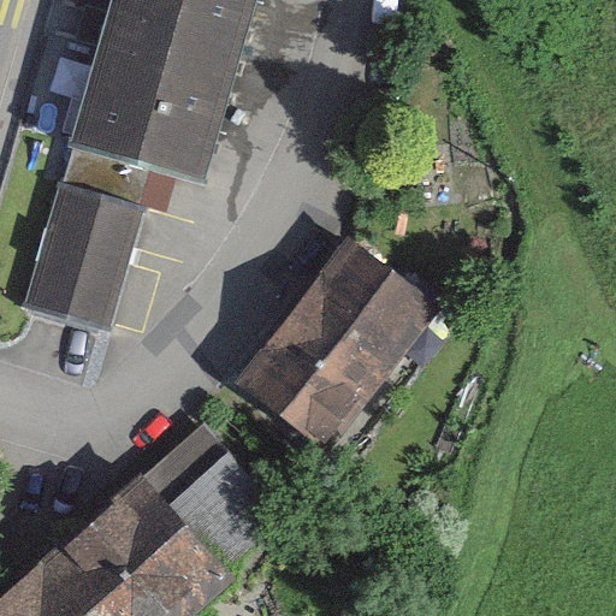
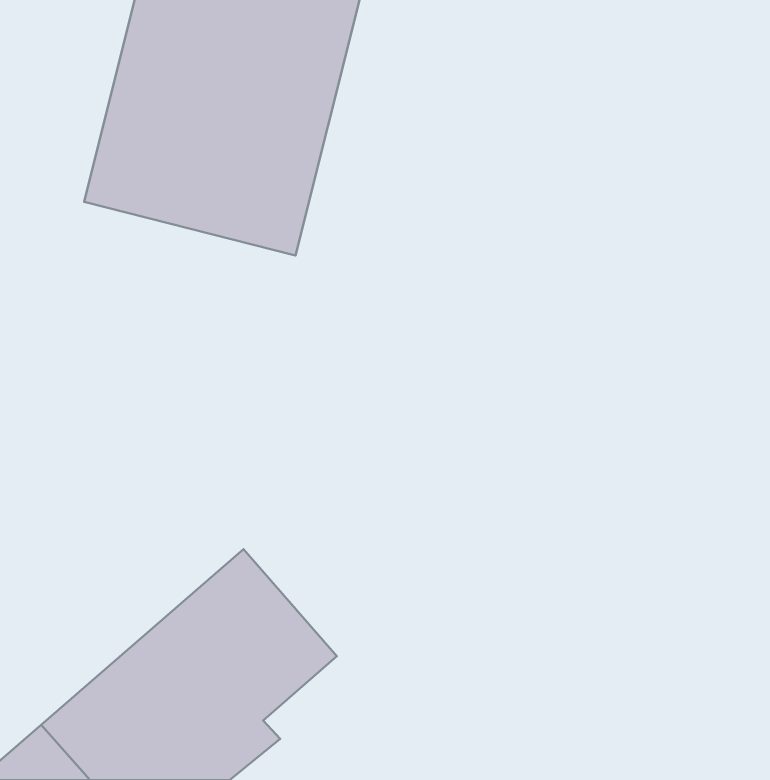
building: [20,190,136,332] -> none
building: [237,235,444,454] -> none

